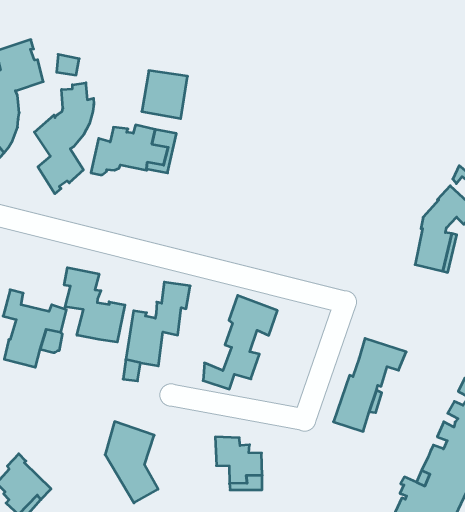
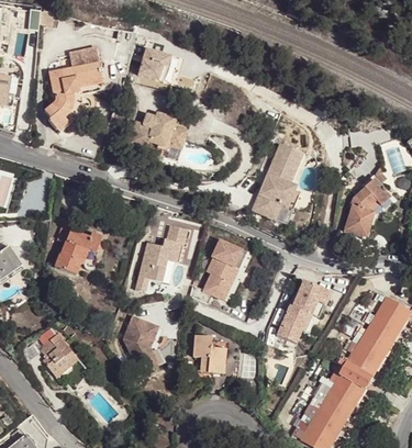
building: [142,71,188,119] -> [136,46,170,81]
building: [34,83,94,194] -> none
building: none -> [254,144,301,224]
building: [64,268,125,342] -> none

